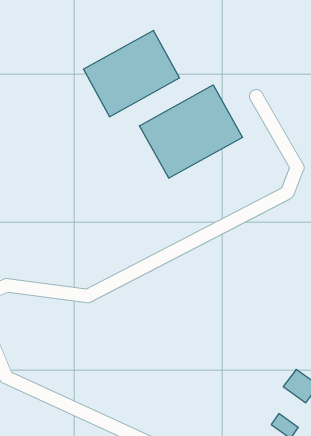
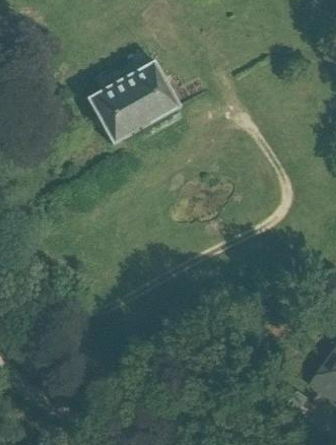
building: [139,85,243,178] -> none

